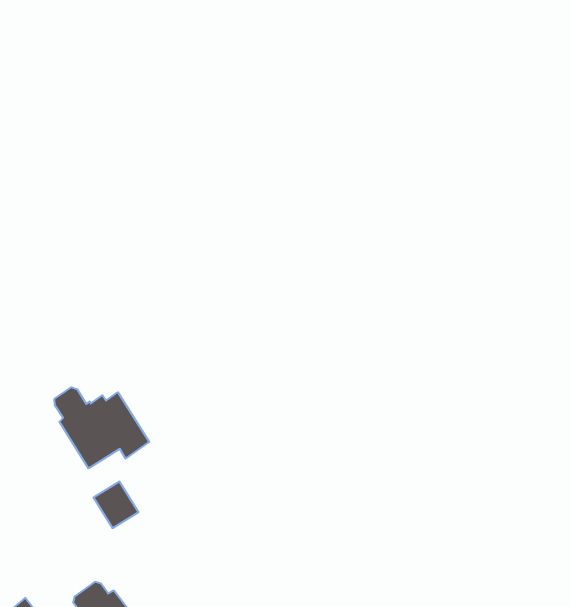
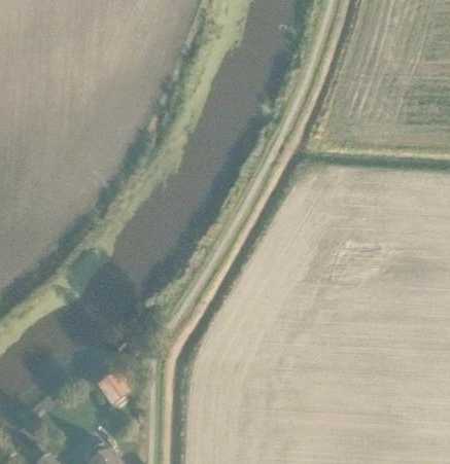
building: [55,387,149,468] -> none

